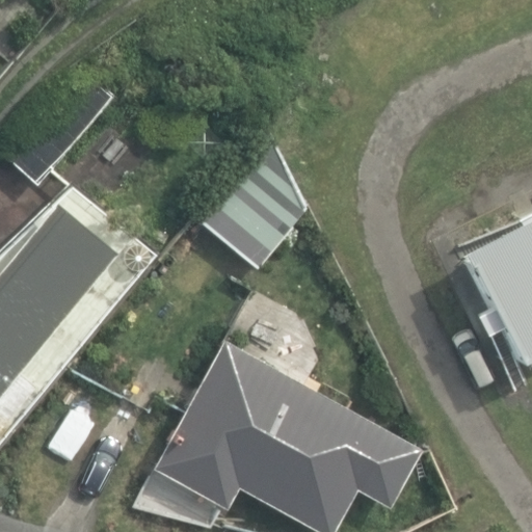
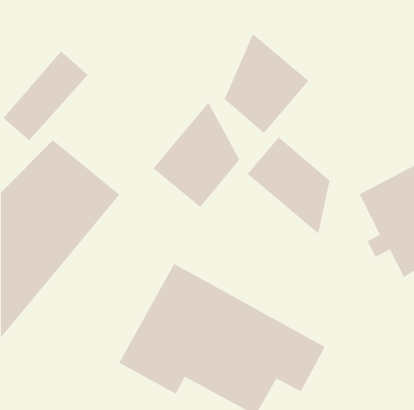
building: none -> [224,33,309,134]
building: none -> [247,137,330,235]

